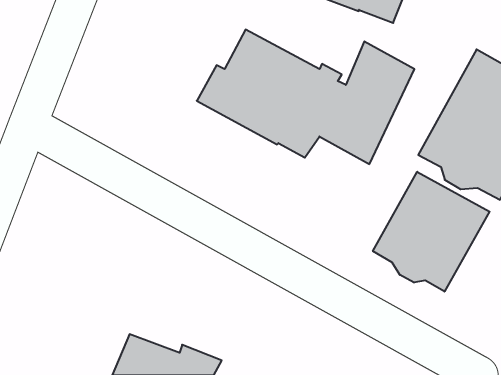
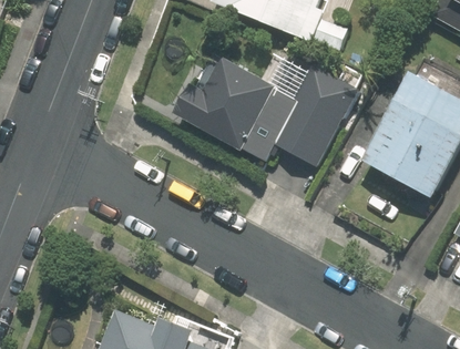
building: [373,172,490,292] -> none

